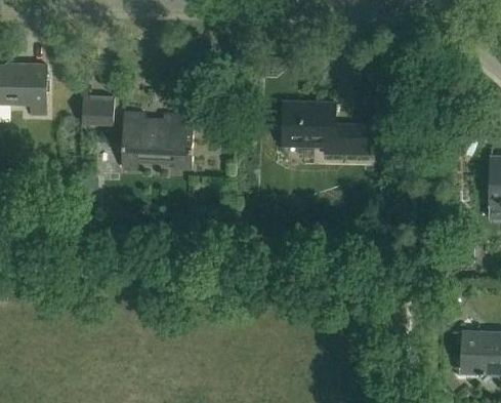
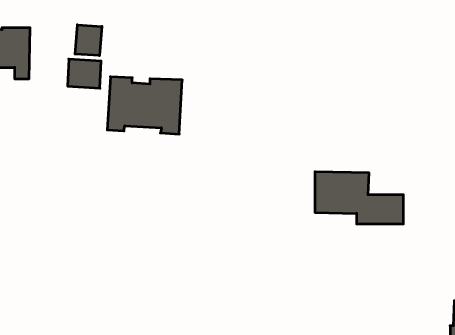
building: none -> [75,25,102,56]
building: [285,103,372,154] -> [315,172,403,224]

